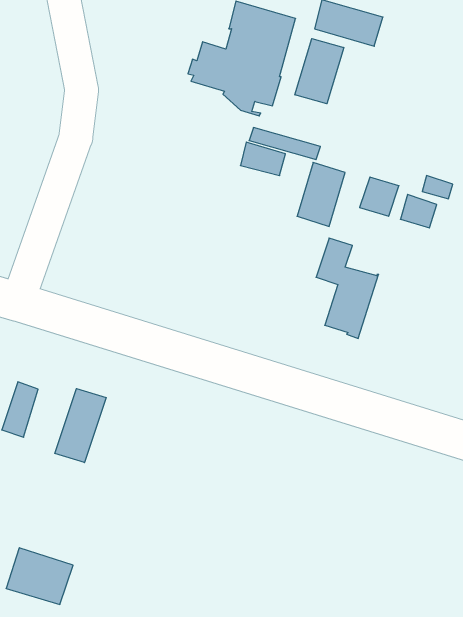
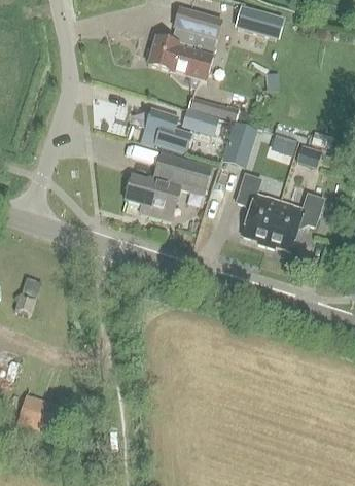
building: [295,39,344,104] -> none
building: none -> [141,107,192,150]
building: none -> [123,150,213,222]
building: none -> [267,194,324,250]
building: [55,389,106,463] -> none

